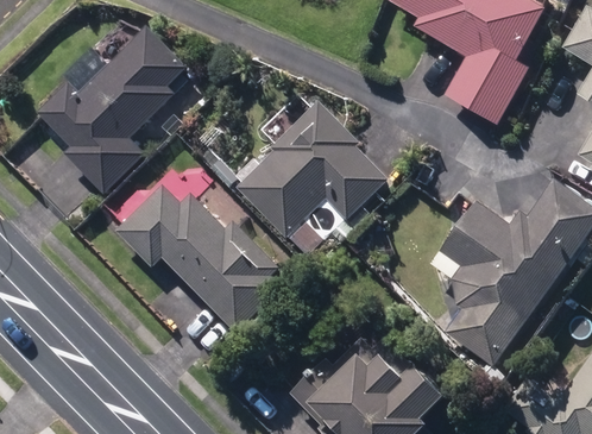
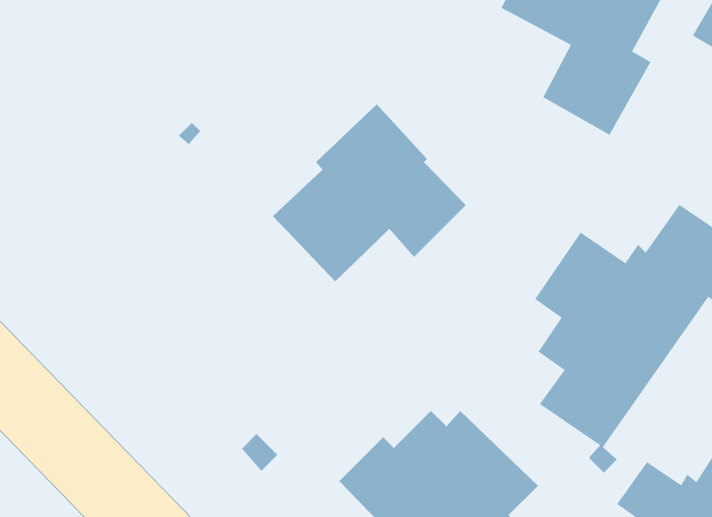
building: [36,25,188,194] -> none
building: [115,183,285,333] -> none

